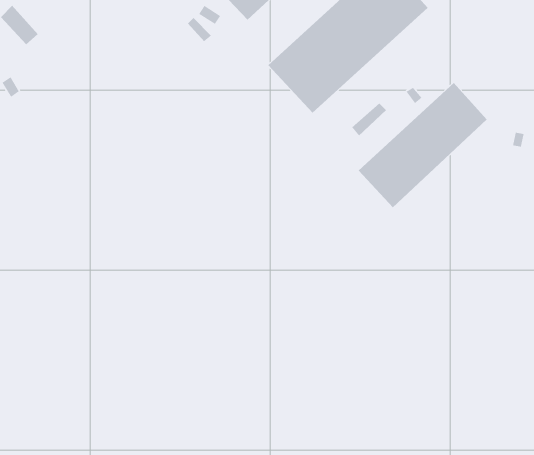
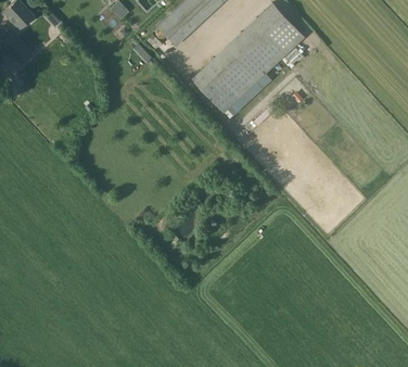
building: [358,82,488,208] -> none

